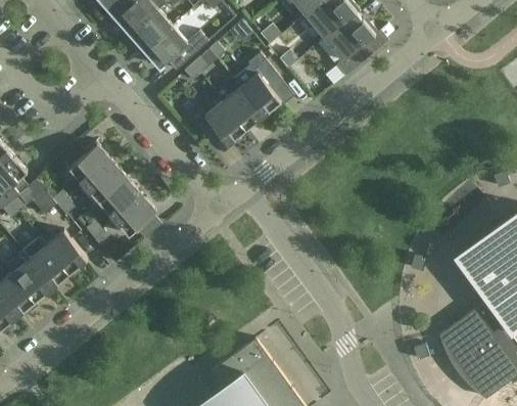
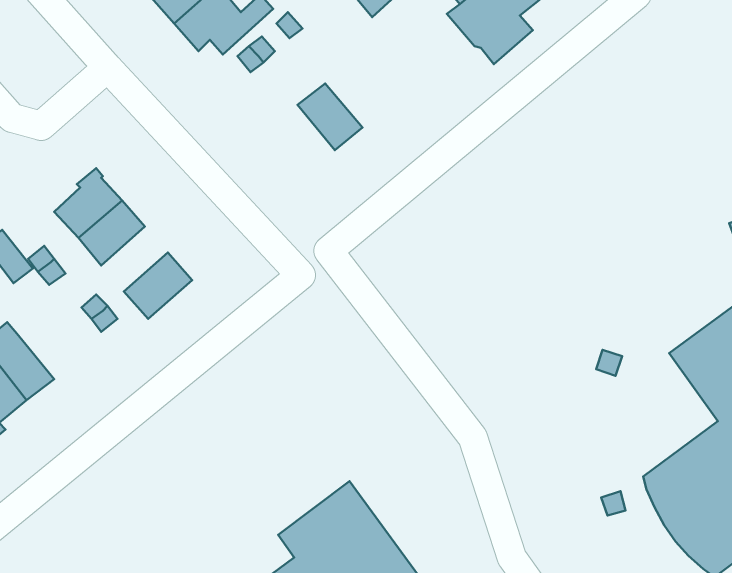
building: [233,53,281,116] -> none
building: [193,101,245,144] -> none
building: [98,178,140,219] -> none
building: [45,231,86,274] -> none

